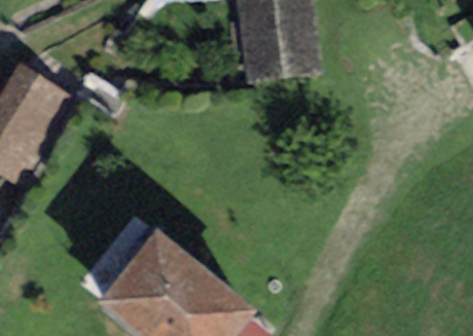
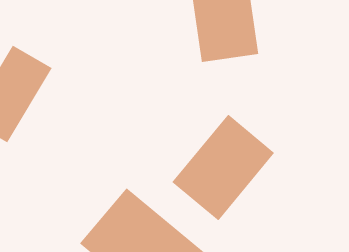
building: none -> [171,114,275,222]

